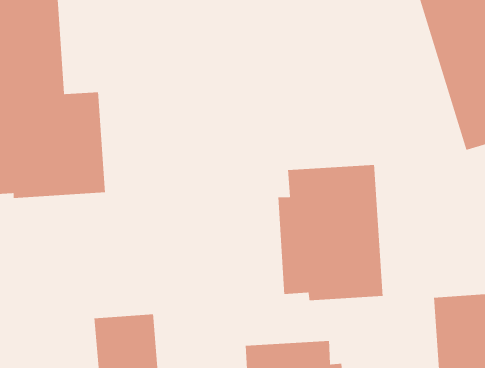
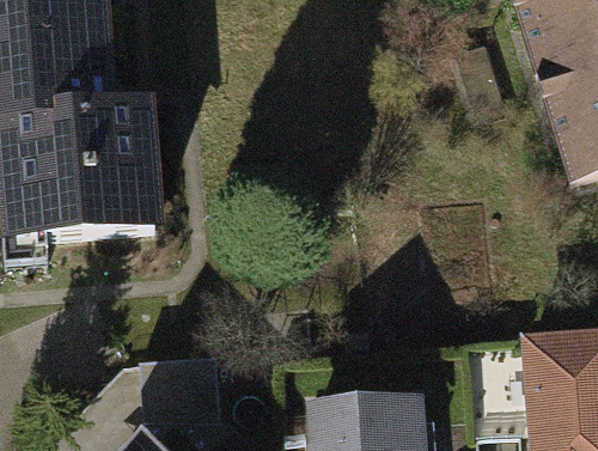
building: [278,164,384,301] -> none

